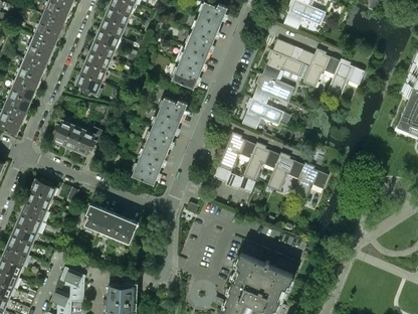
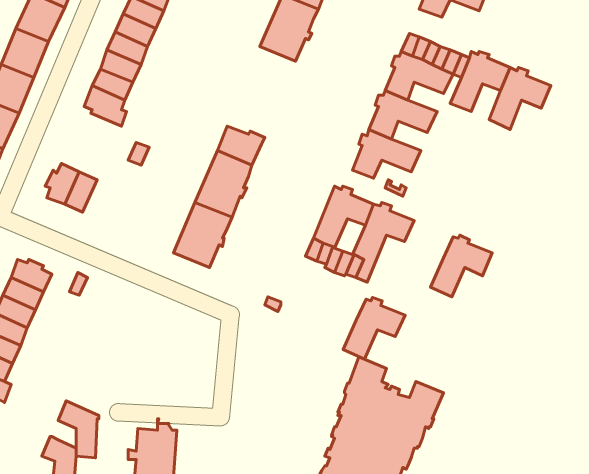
building: [171,48,206,90] -> none
building: [74,128,103,156] -> none
building: [265,155,303,193] -> [343,297,405,359]
building: [83,204,137,244] -> none

